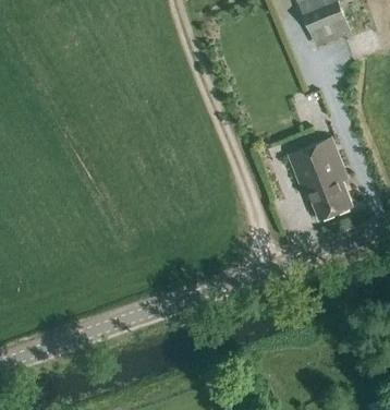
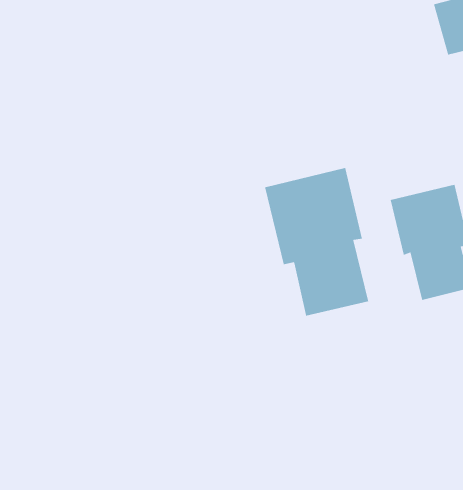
building: none -> [265,167,369,316]

